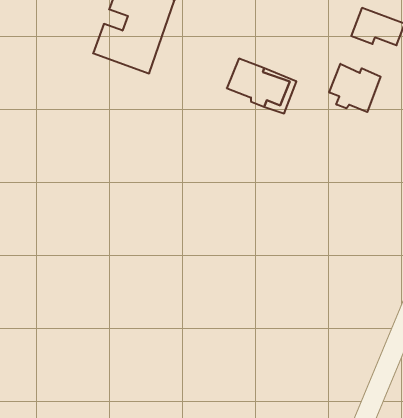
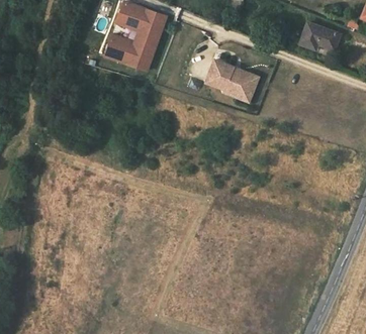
building: [329,64,381,112] -> none

